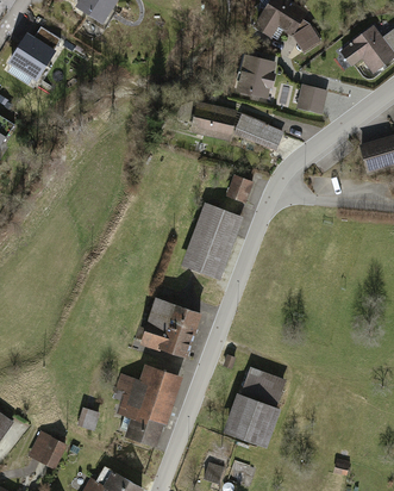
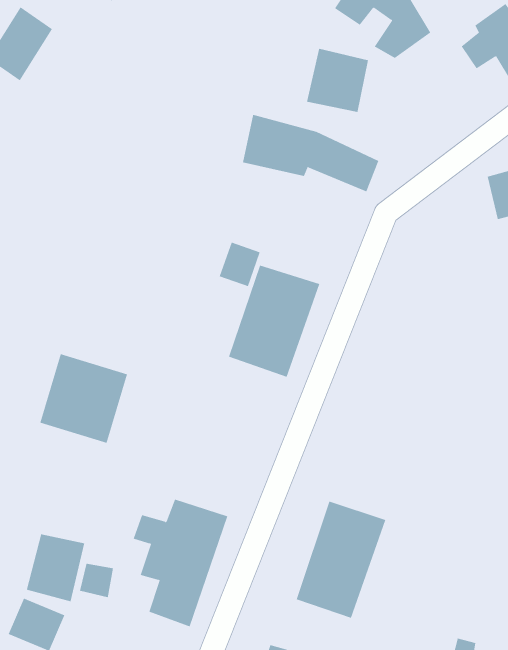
building: [295,83,326,114] -> none
building: [225,173,254,204] -> [219,242,261,287]
building: [139,298,200,360] -> [39,353,128,444]
building: none -> [26,533,85,602]

